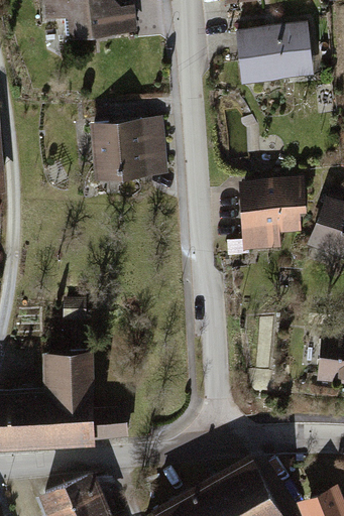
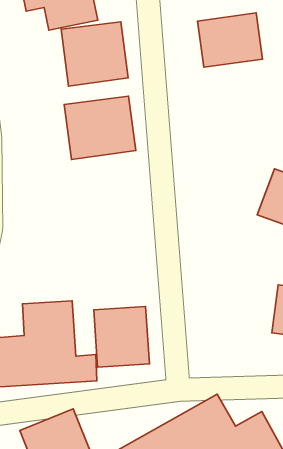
building: none -> [61,22,128,86]
building: [232,171,310,258] -> none
building: none -> [94,306,149,367]

